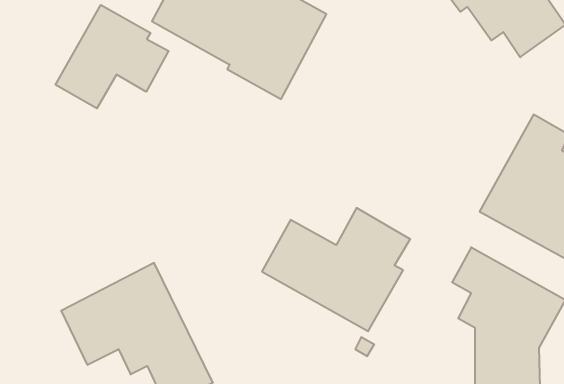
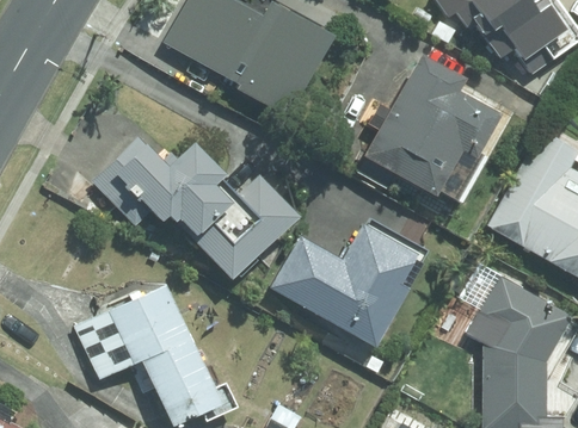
building: [56,5,169,108] -> none
building: none -> [359,54,505,203]
building: none -> [90,136,300,280]

